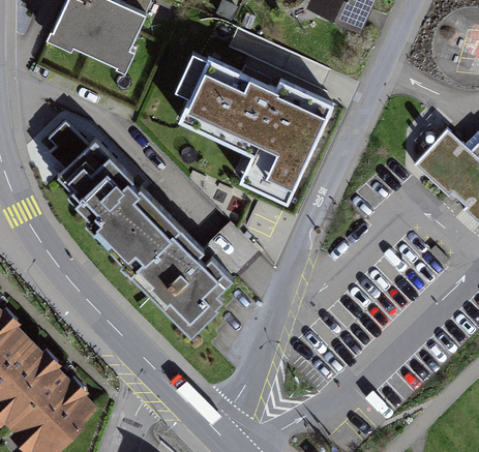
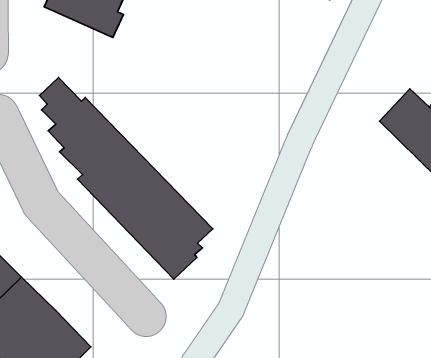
building: [177,56,334,205] -> none

